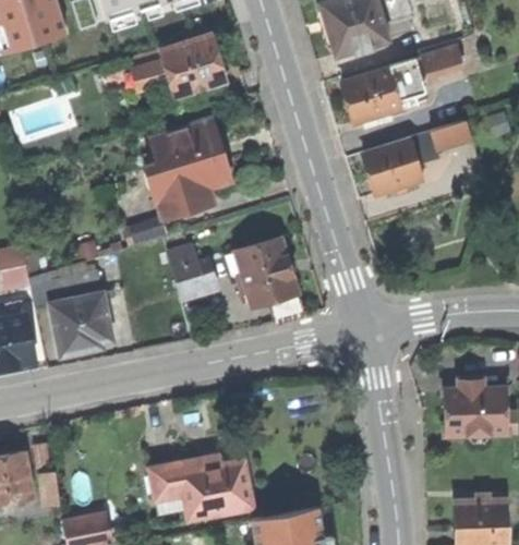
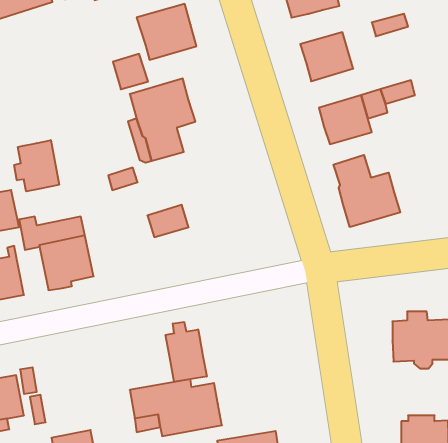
building: [131,51,170,90] -> [113,54,148,89]
building: [389,60,425,100] -> none
building: none -> [14,140,59,191]
building: none -> [333,155,400,227]
building: [236,239,304,324] -> none
building: none -> [166,322,207,382]

